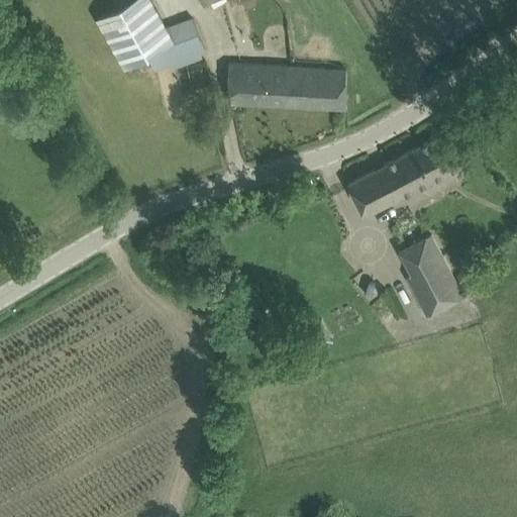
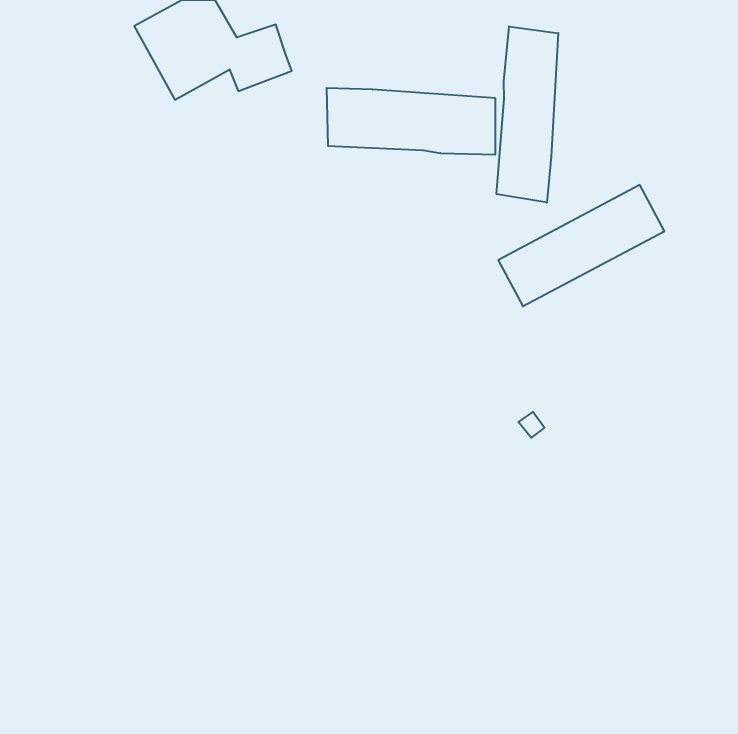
building: none -> [497,26,558,203]
building: [397,234,464,318] -> none

